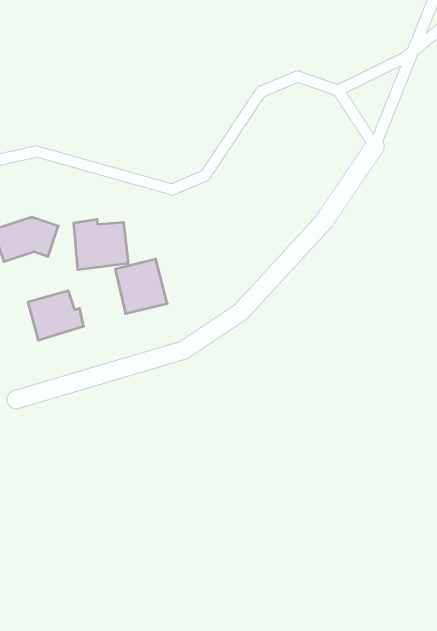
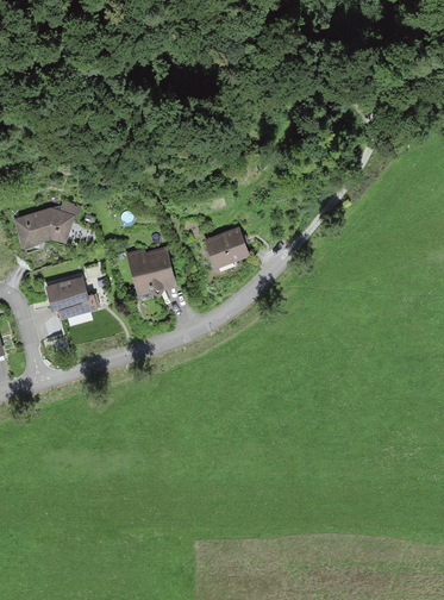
building: [74,219,128,270] -> none
building: none -> [205,226,250,269]

